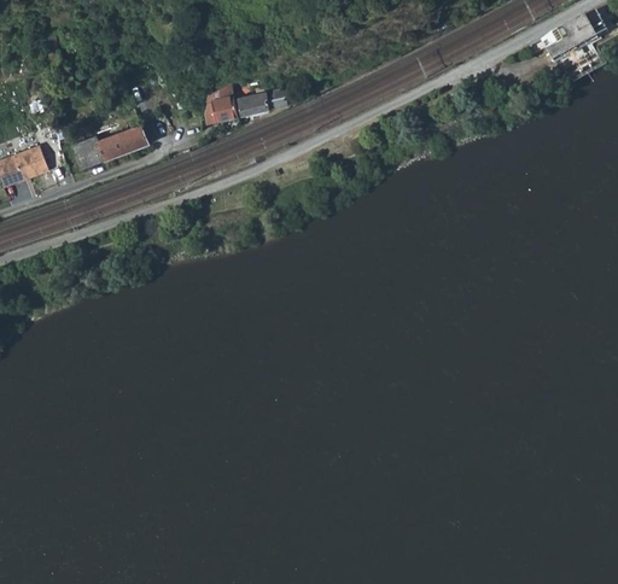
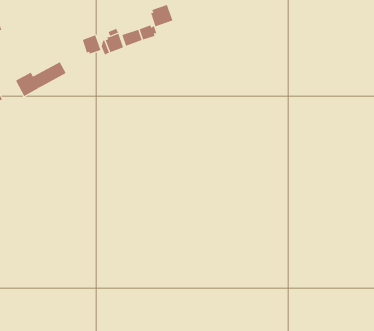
building: none -> [150,4,173,27]
building: none -> [82,35,101,55]

